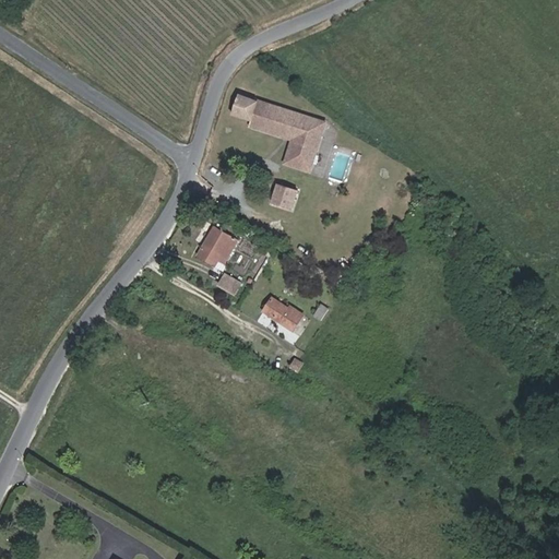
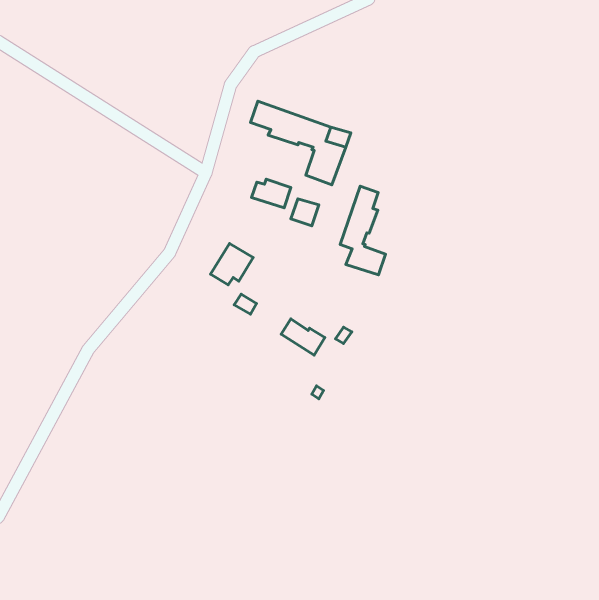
building: none -> [252,179,291,208]
building: none -> [340,186,386,275]

